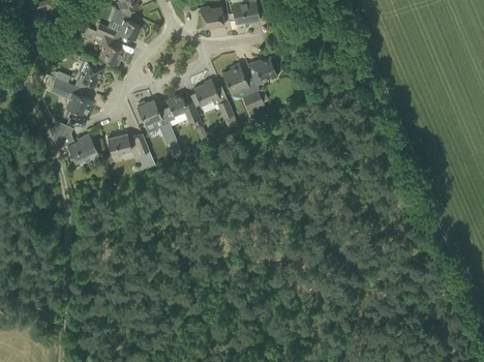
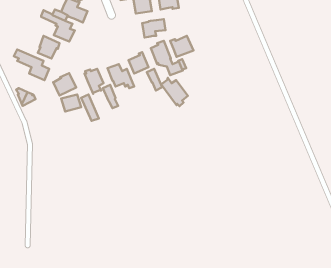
building: none -> [142,19,165,37]
building: none -> [161,78,188,106]
building: [67,134,97,163] -> [53,73,76,96]

